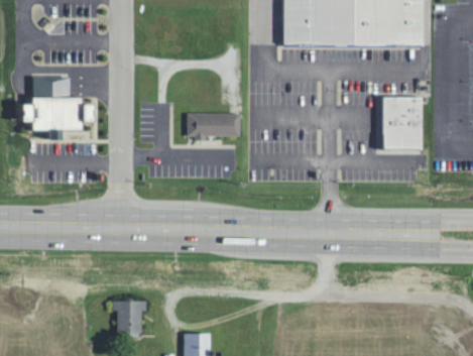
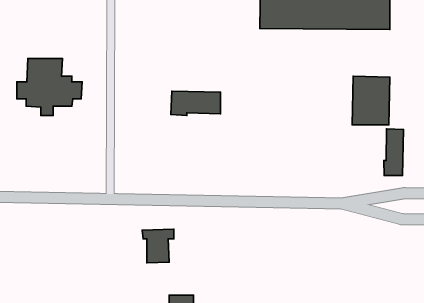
building: none -> [384,129,403,176]
building: [113,301,147,337] -> [142,229,174,263]

